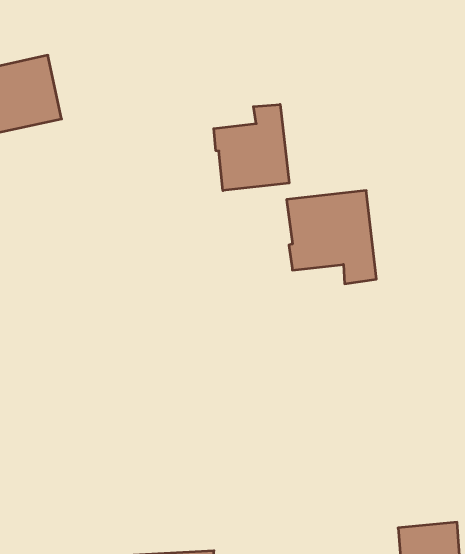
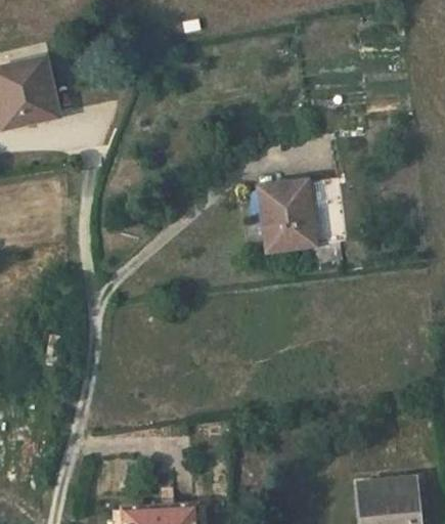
building: [214,104,289,191] -> none

